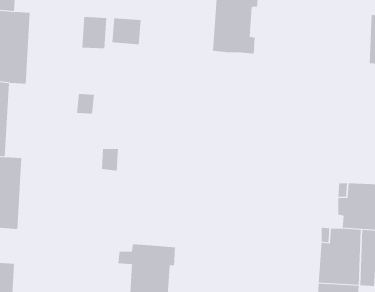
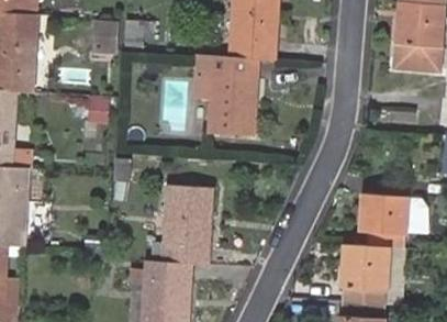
building: none -> [192,54,260,135]
building: none -> [161,185,213,264]

